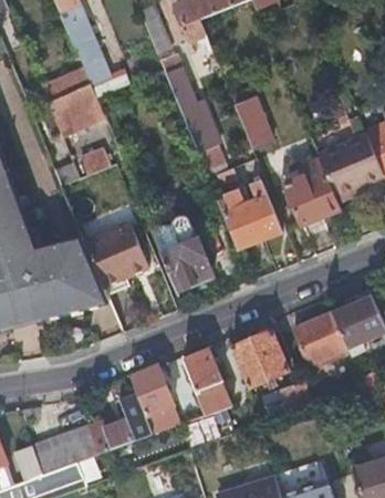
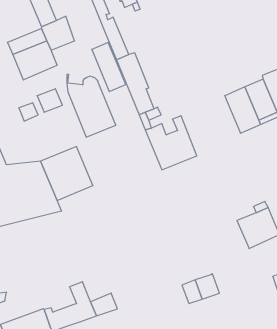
building: [229,85,272,147] -> [92,42,126,91]
building: [280,159,340,225] -> none
building: [152,211,214,291] -> [67,74,116,137]
building: [293,312,347,364] -> none
building: [230,329,288,387] -> none
building: [184,351,230,414] -> none
building: [131,365,173,415] -> none

